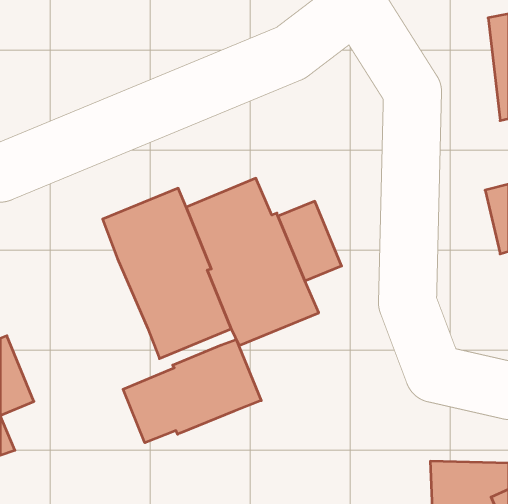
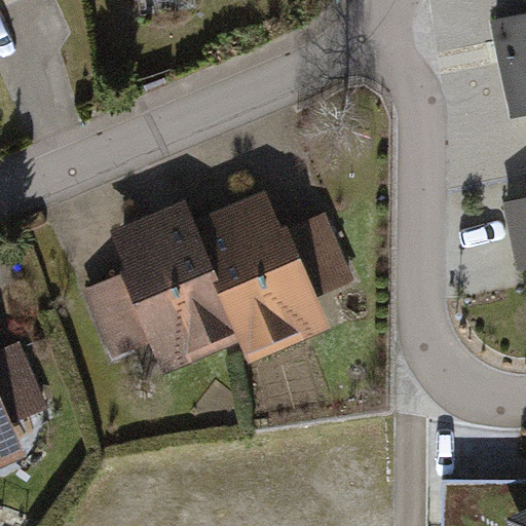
building: none -> [81,272,153,361]
building: [123,340,261,443] -> none

